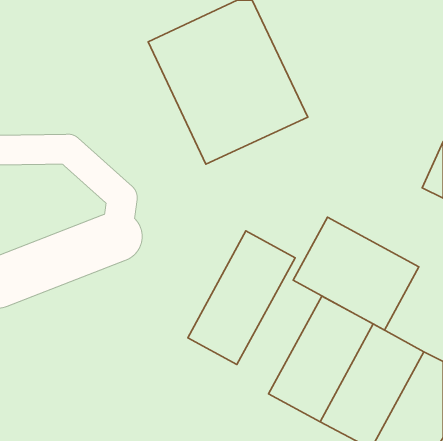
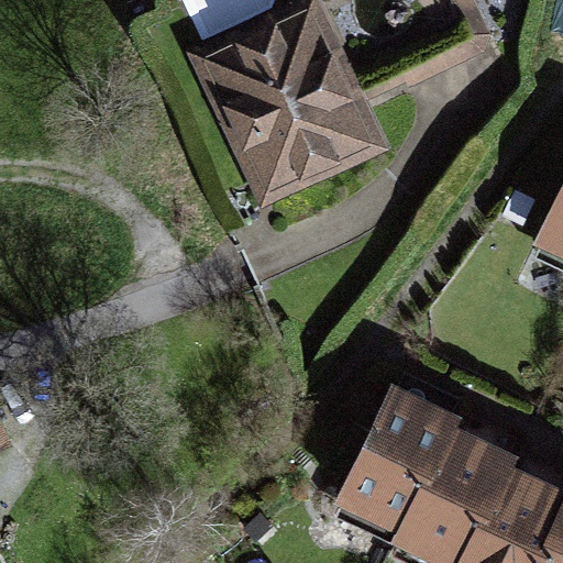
building: [293,217,419,330] -> none
building: [188,231,295,365] -> none

